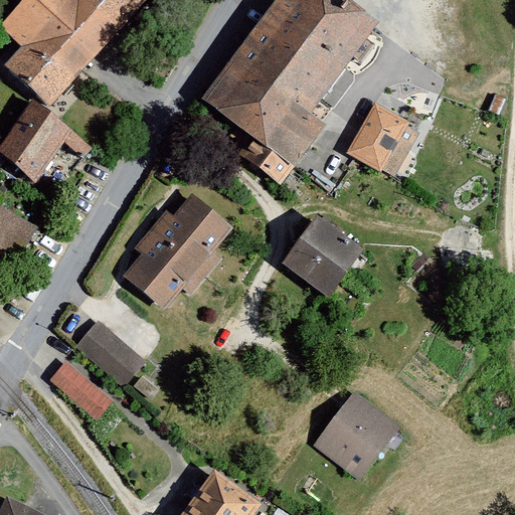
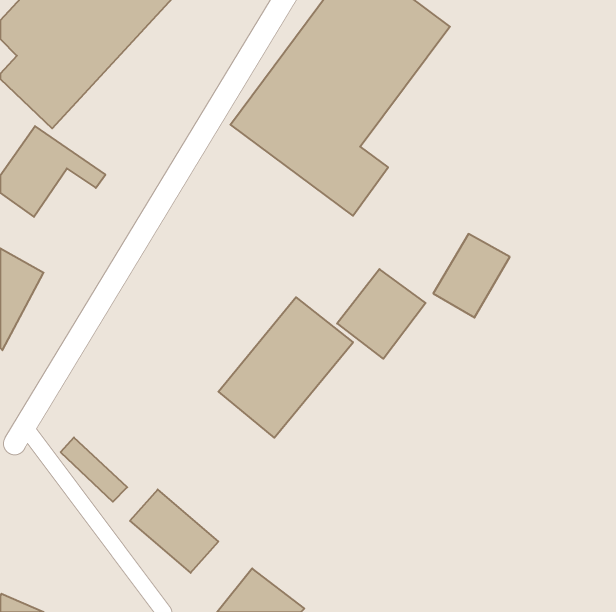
building: [350,97,413,166] -> [433,234,510,318]
building: [124,198,235,315] -> [218,297,353,438]
building: [81,312,155,381] -> [130,489,218,573]
building: [316,392,401,480] -> none

